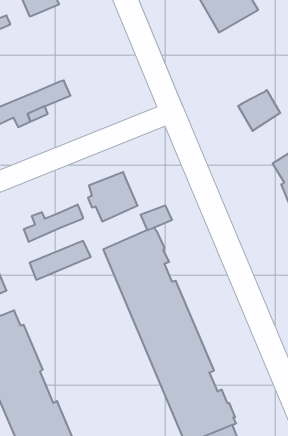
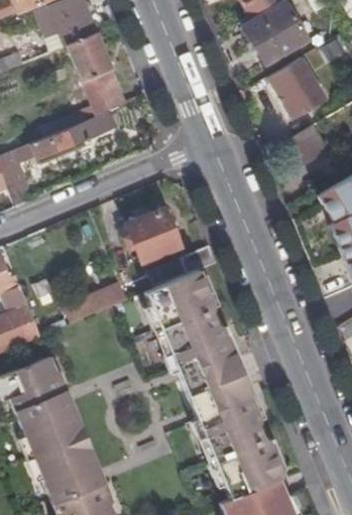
building: none -> [69,31,126,113]
building: none -> [267,55,326,117]
building: [24,204,83,242] -> none

